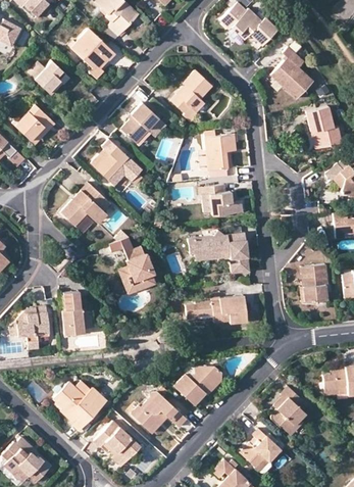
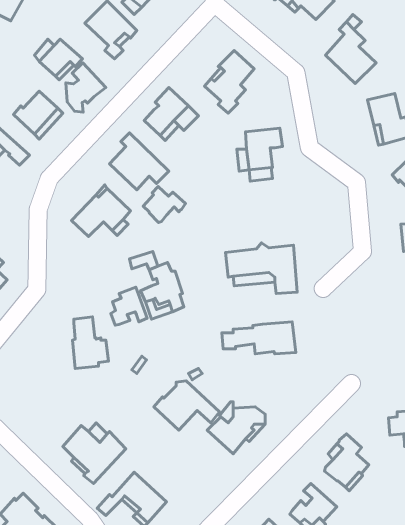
building: none -> [66,63,106,112]
building: none -> [143,187,186,222]
building: [199,185,242,215] -> none
building: [301,264,327,300] -> none
building: none -> [111,287,147,325]
building: [15,306,49,348] -> none
building: [132,392,186,433] -> [154,381,219,430]

